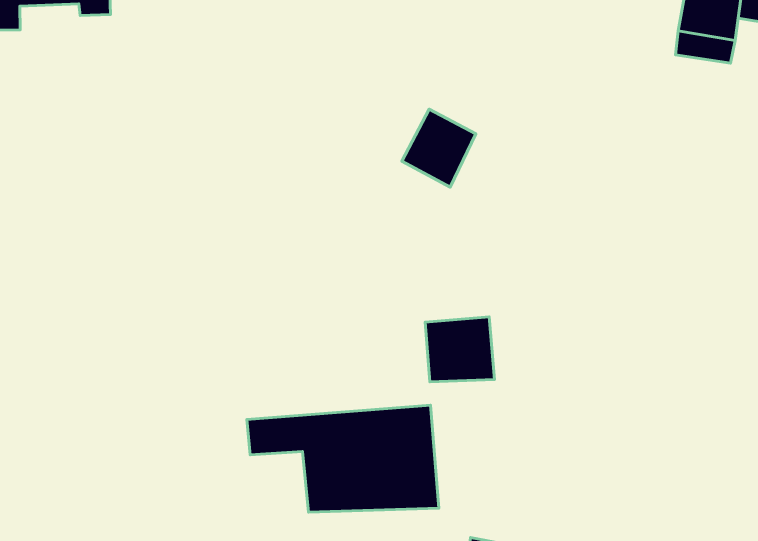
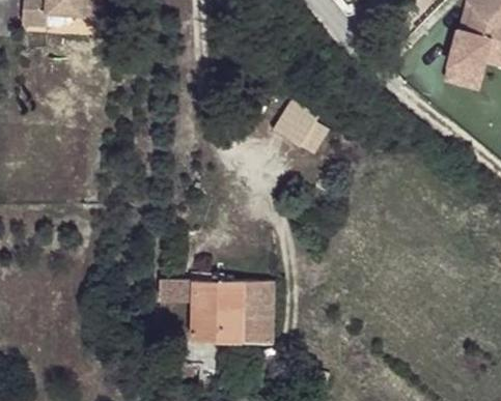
building: [425,317,495,382] -> none

